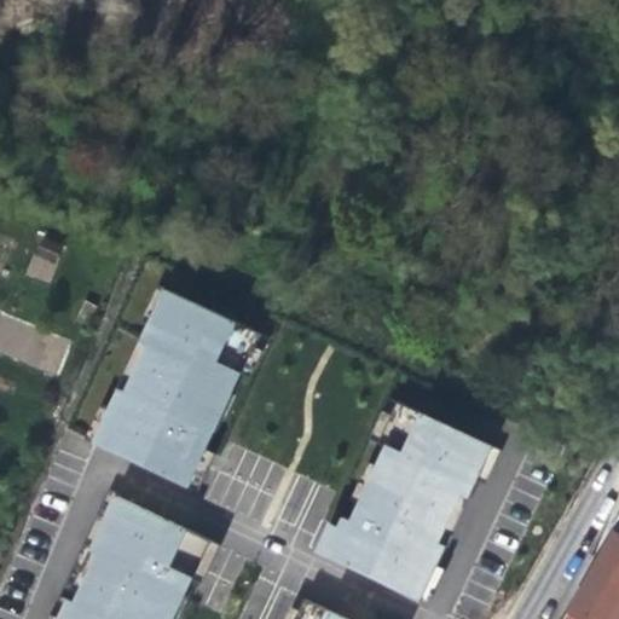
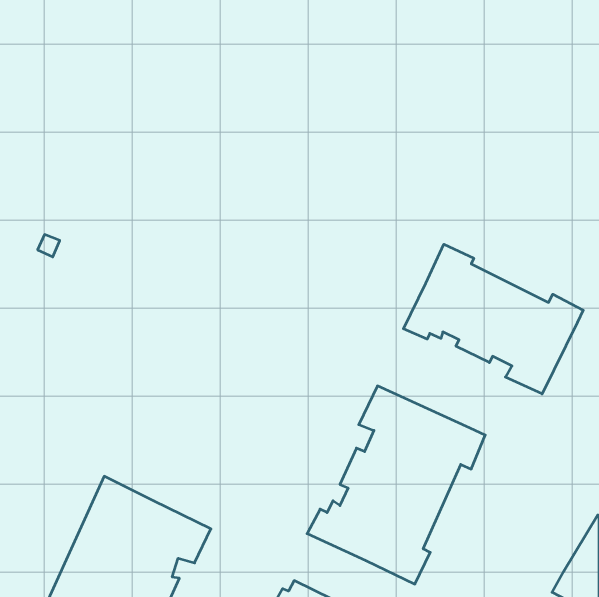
building: none -> [403,244,583,394]
building: [86,288,268,492] -> none

